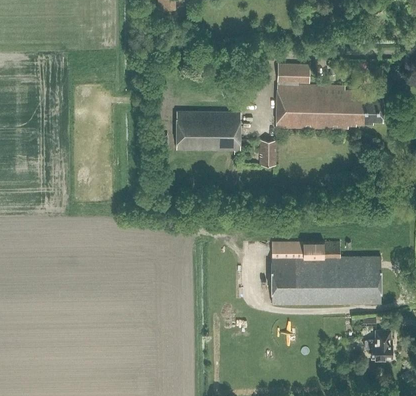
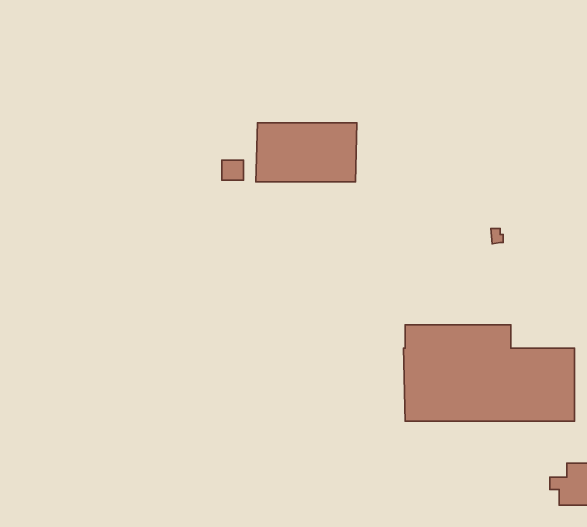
building: [276,64,383,130] -> none
building: [260,141,276,166] -> none

